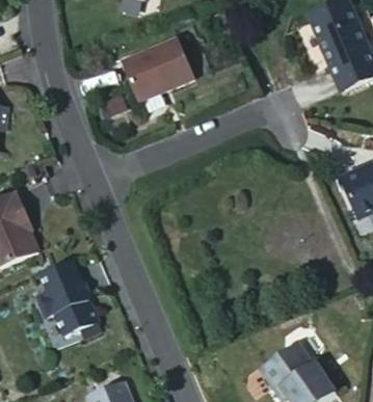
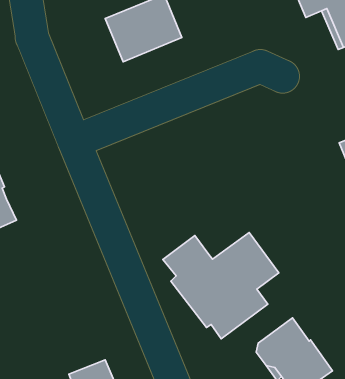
building: [36,260,101,336] -> none
building: none -> [163,232,279,339]

